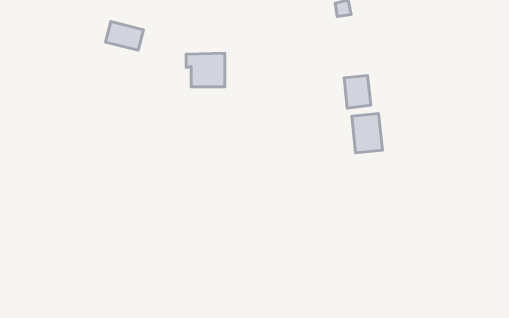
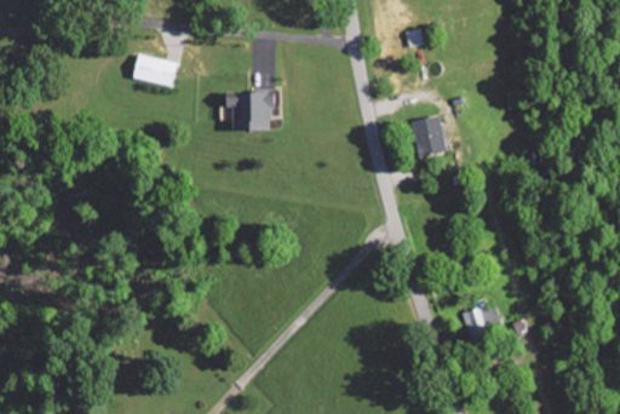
building: [352,113,382,153] -> none
building: none -> [461,303,503,340]

